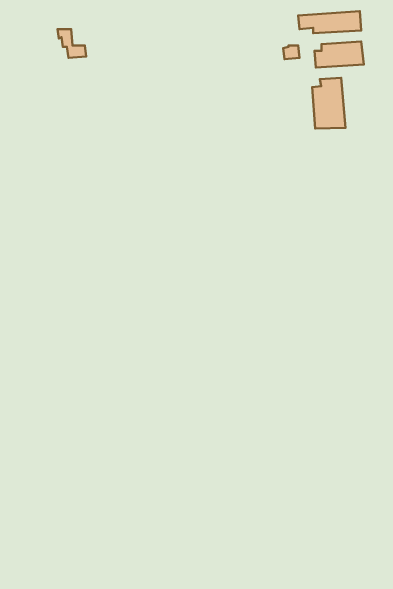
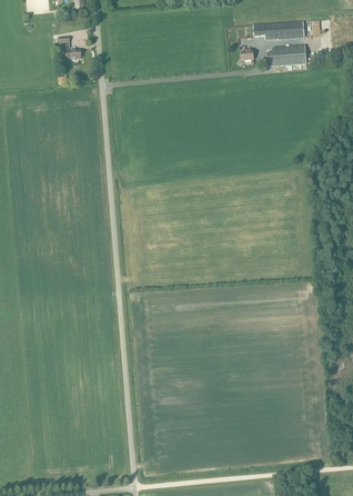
building: [312,78,345,129] -> none

